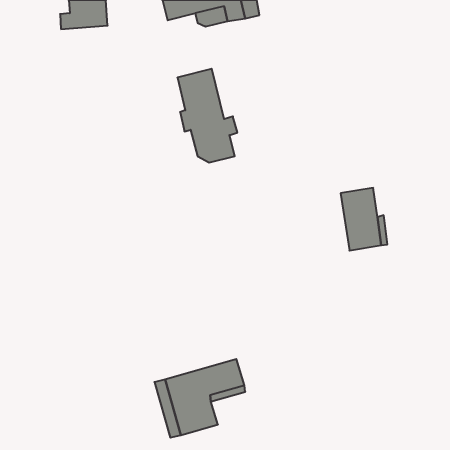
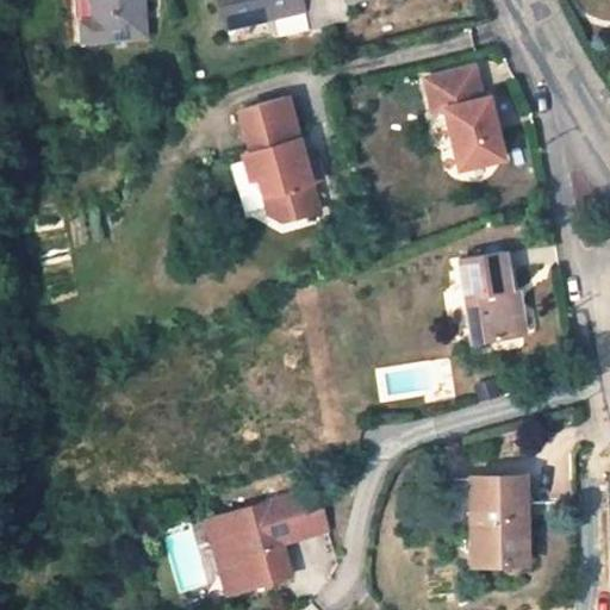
building: none -> [428,68,505,170]
building: none -> [448,478,527,560]

